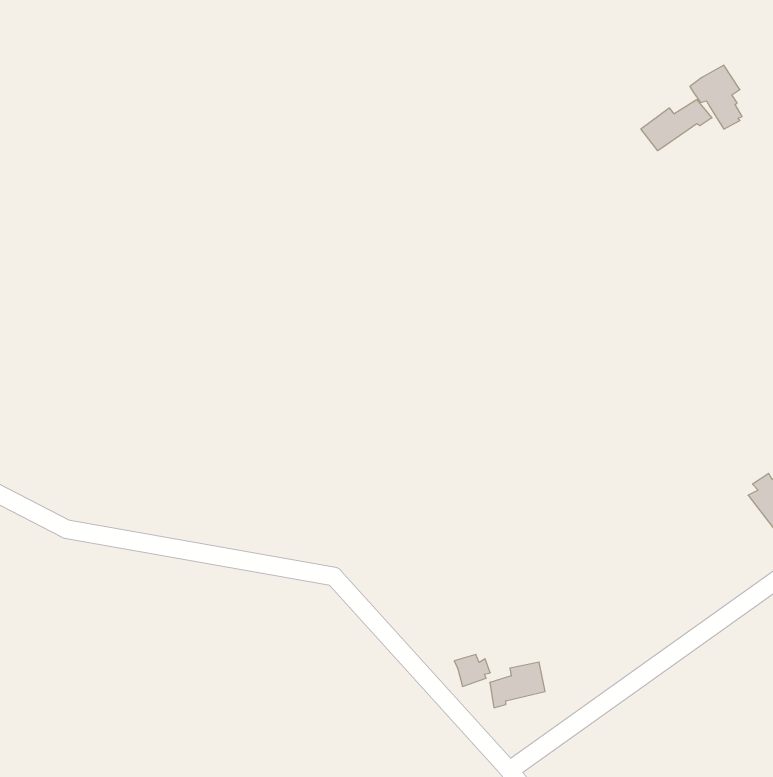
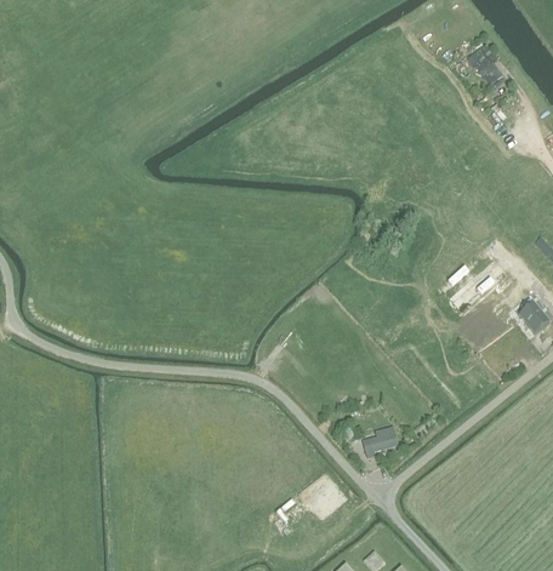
building: [641,100,712,151] -> none

